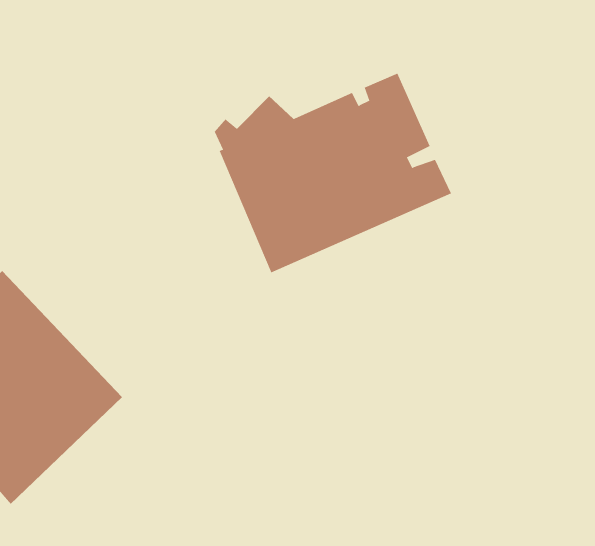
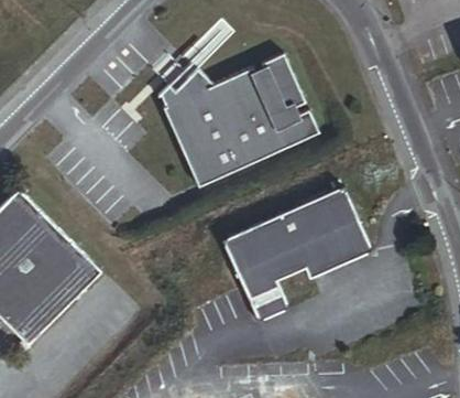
building: none -> [221,185,372,323]

